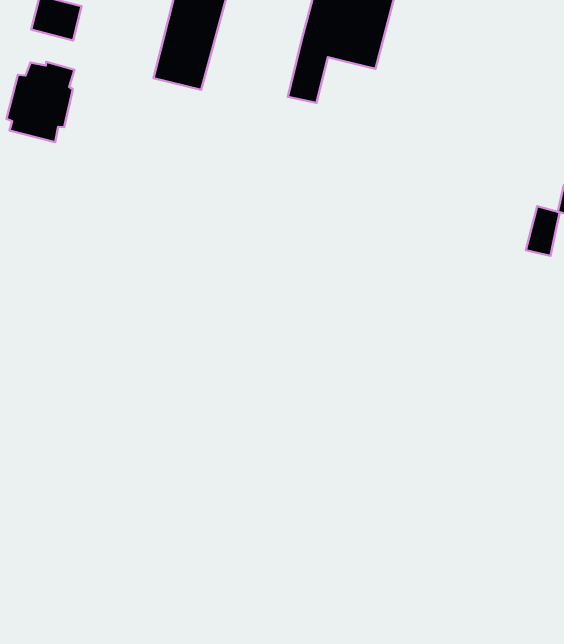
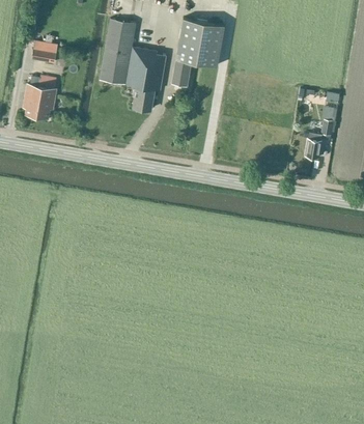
building: none -> [125,49,165,112]

